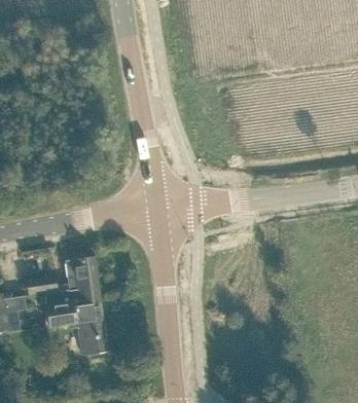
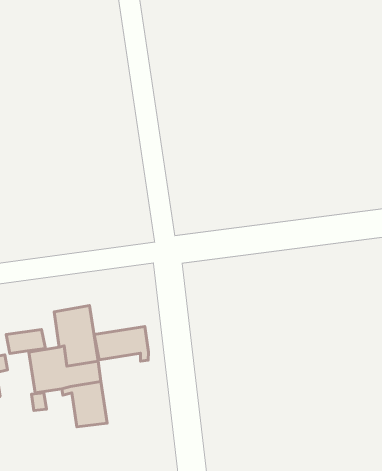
building: none -> [94,327,148,361]

